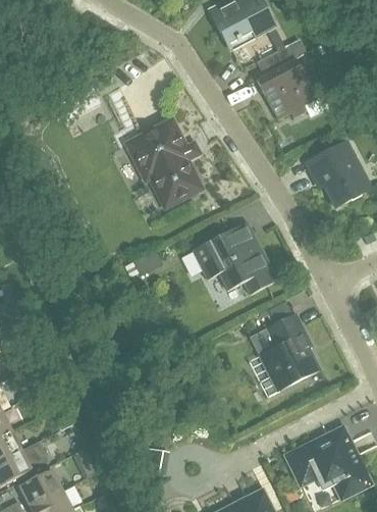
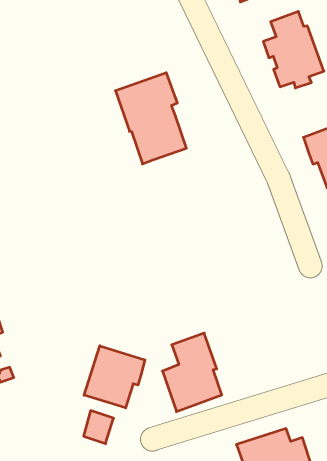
building: [193,222,273,294] -> none
building: [260,314,318,391] -> [162,333,222,412]
building: none -> [84,346,145,408]

